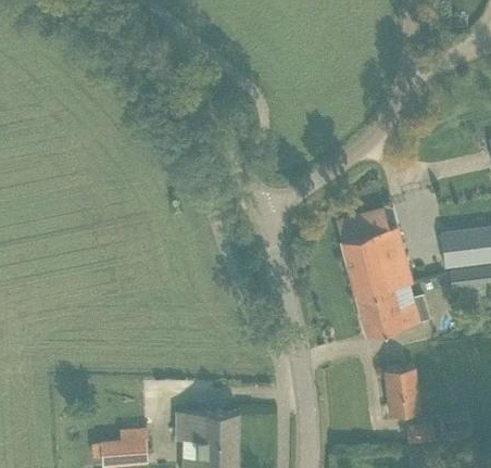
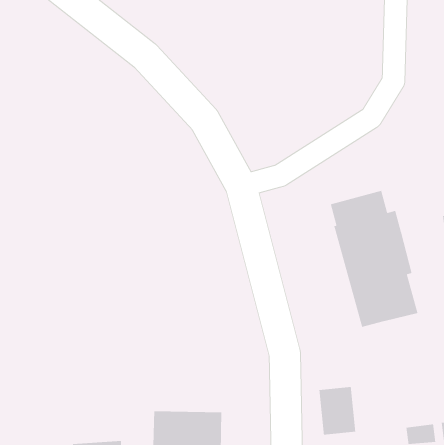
building: [386,369,420,415] -> [318,386,356,436]

